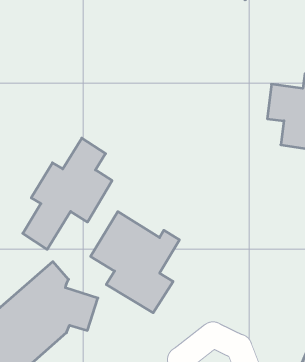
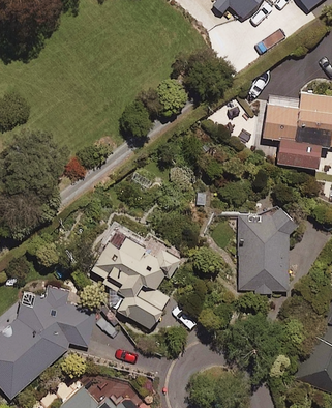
building: [23,138,112,249] -> none
building: none -> [229,212,291,292]

